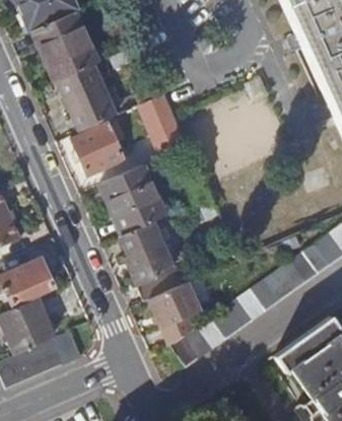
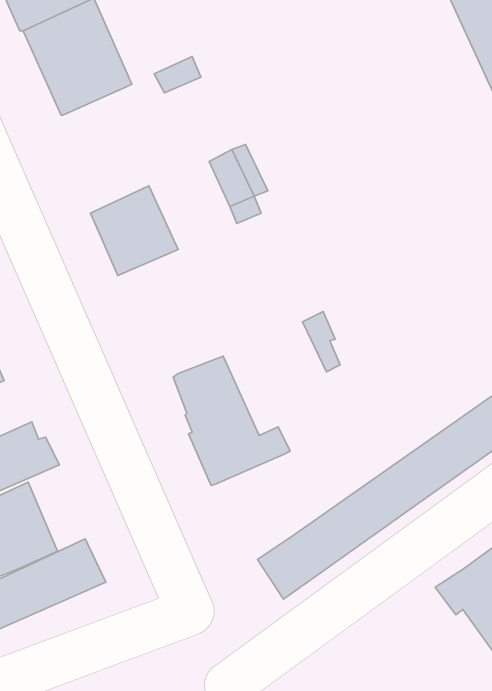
building: [57,64,134,132] -> none
building: [100,164,165,232] -> none
building: [147,280,200,345] -> none

